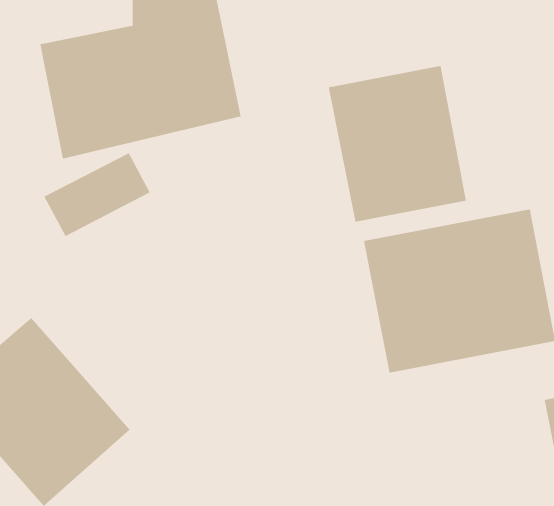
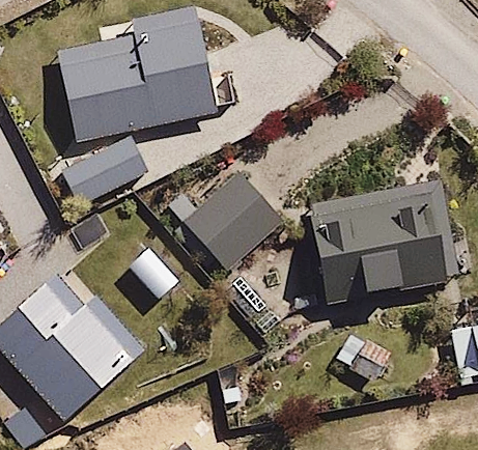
building: [328,65,467,223] -> none
building: none -> [172,163,285,276]

